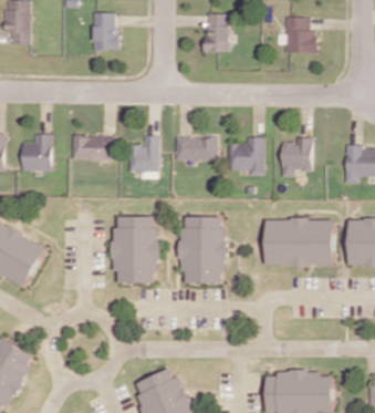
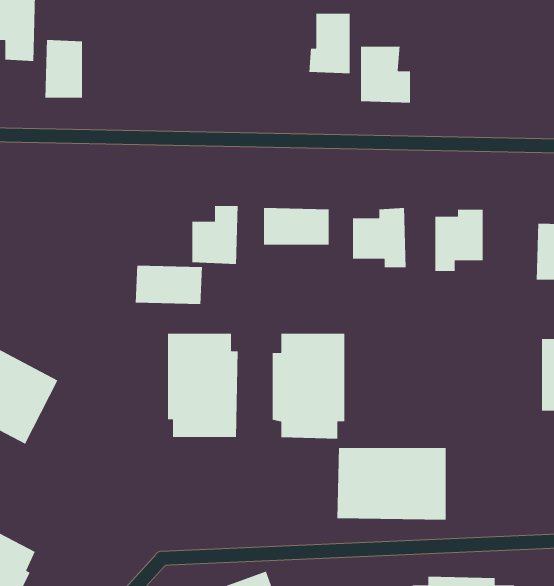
building: [92,12,116,50] -> [45,39,83,98]
building: [285,17,317,53] -> [360,46,411,104]
building: [20,133,50,172] -> none
building: [70,135,113,161] -> [135,265,203,305]
building: [265,219,335,266] -> [336,447,447,521]

